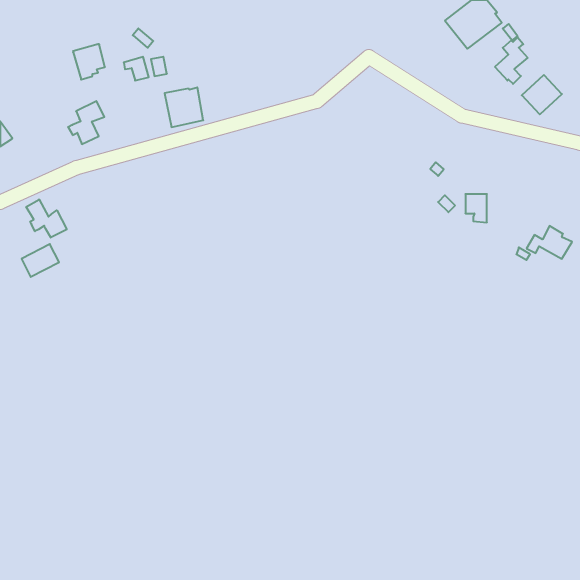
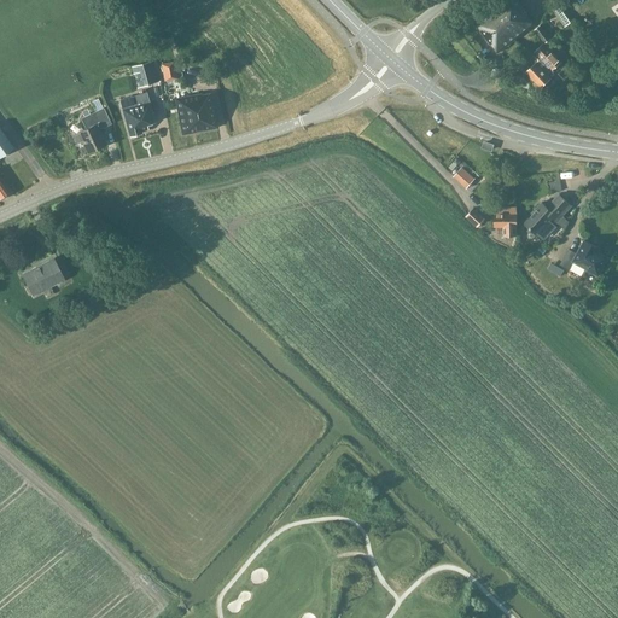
building: [73,44,105,80] -> [121,99,154,136]
building: [522,75,562,114] -> none
building: none -> [524,196,571,240]
building: [26,199,67,238] -> none

